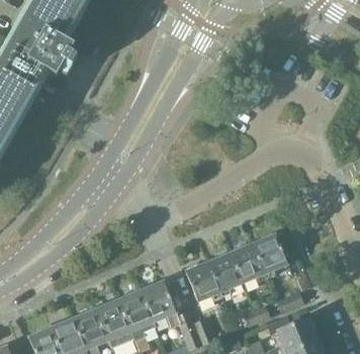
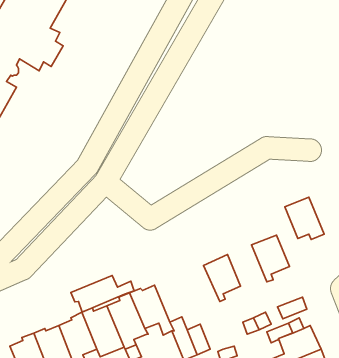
building: [230,244,266,283] -> [285,197,324,240]
building: [185,263,222,301] -> none
building: none -> [71,276,135,312]

